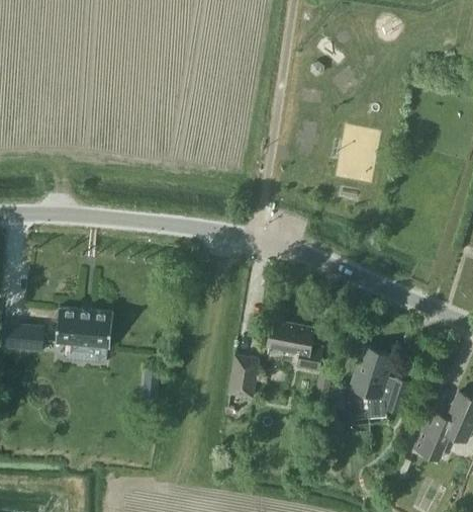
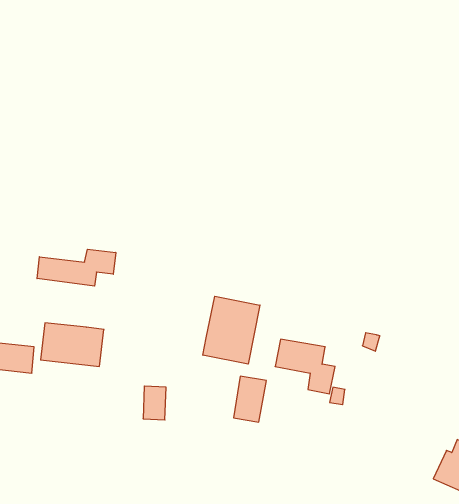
building: none -> [37,249,116,286]
building: none -> [203,296,260,364]
building: [351,348,410,420] -> none

